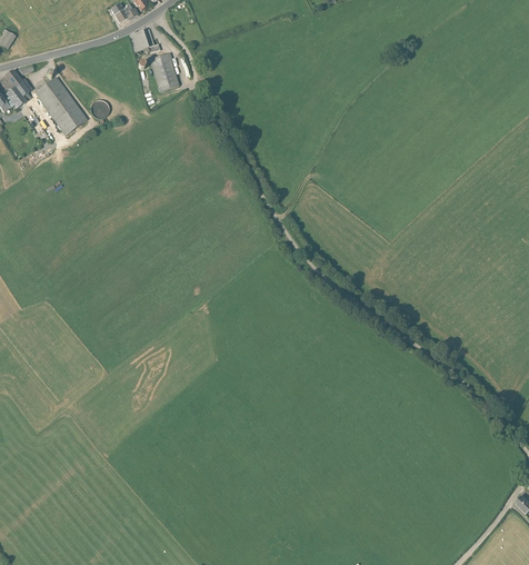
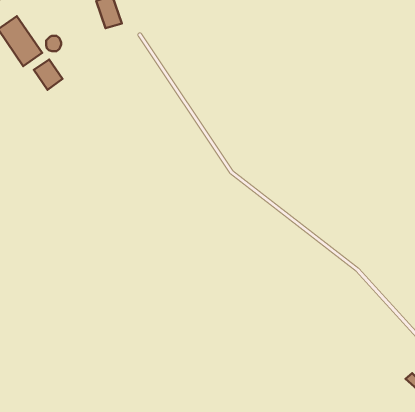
building: none -> [34,59,62,90]

